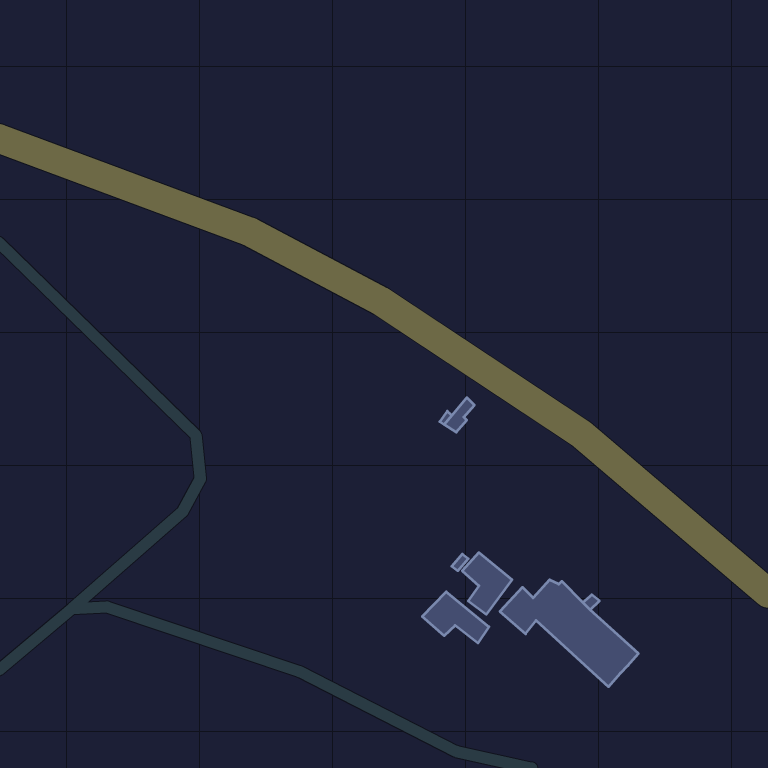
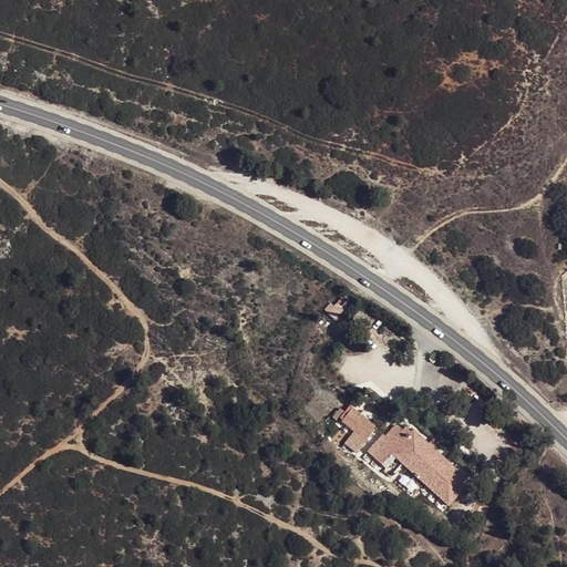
building: [422,592,489,643] -> none

